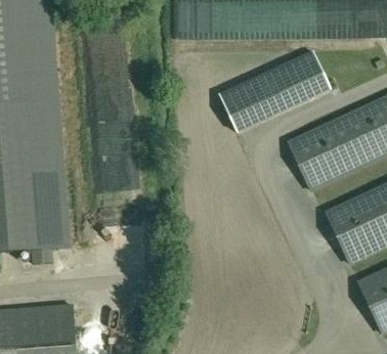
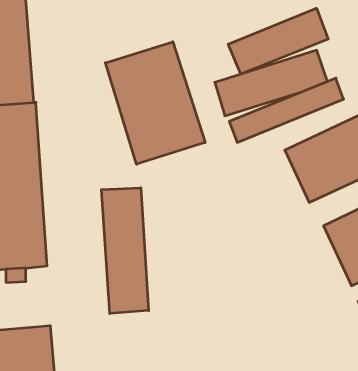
building: none -> [228,8,328,74]
building: none -> [105,42,205,164]
building: none -> [101,188,149,314]

